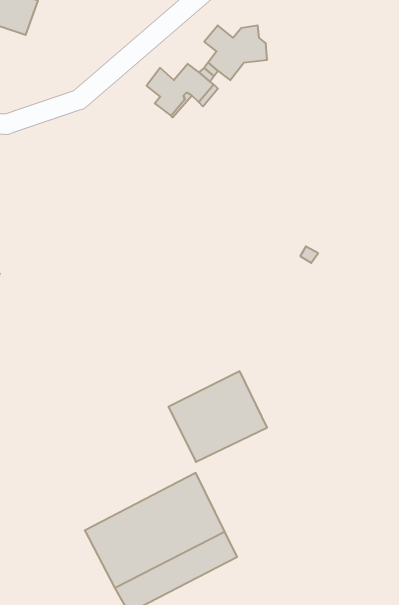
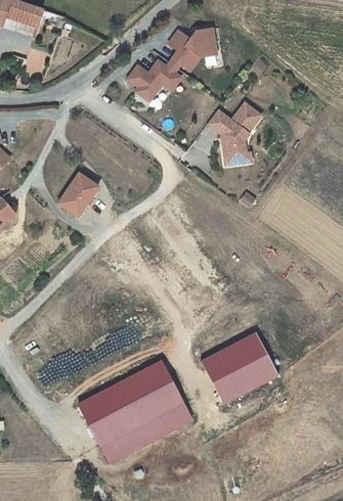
building: none -> [203,103,256,166]
building: none -> [58,173,98,217]
building: [168,371,267,462] -> [201,332,274,400]

